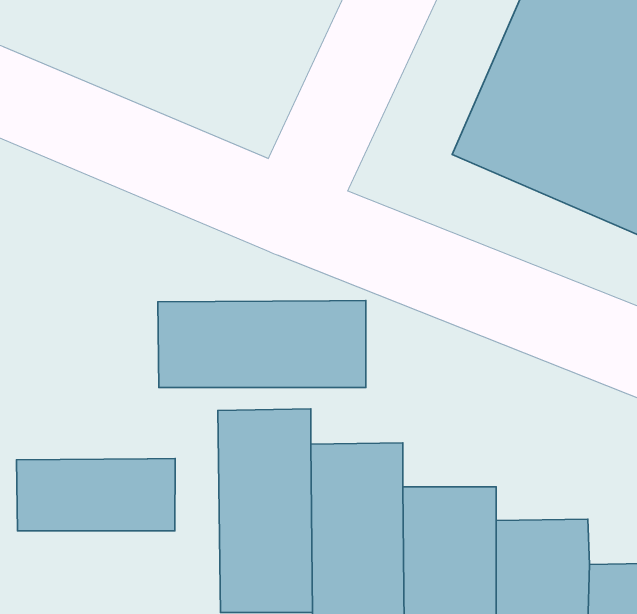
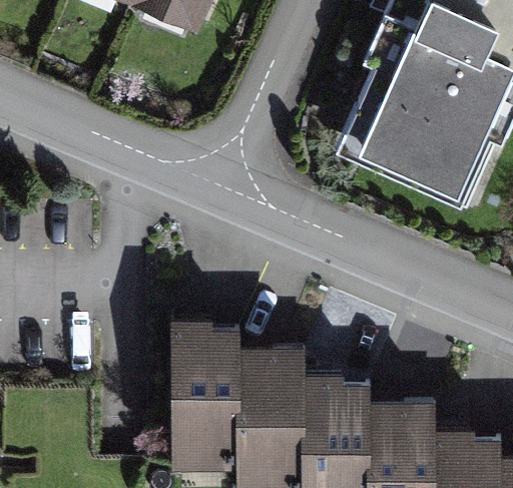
building: [158,301,366,388] -> none
building: [17,459,175,531] -> none

